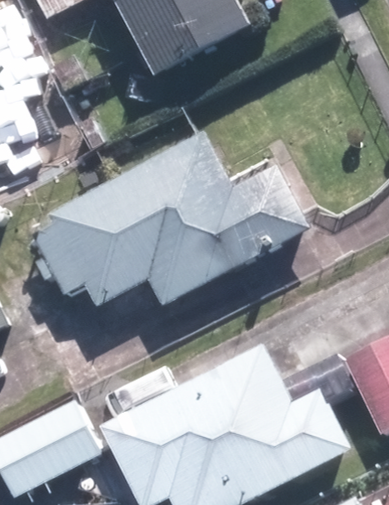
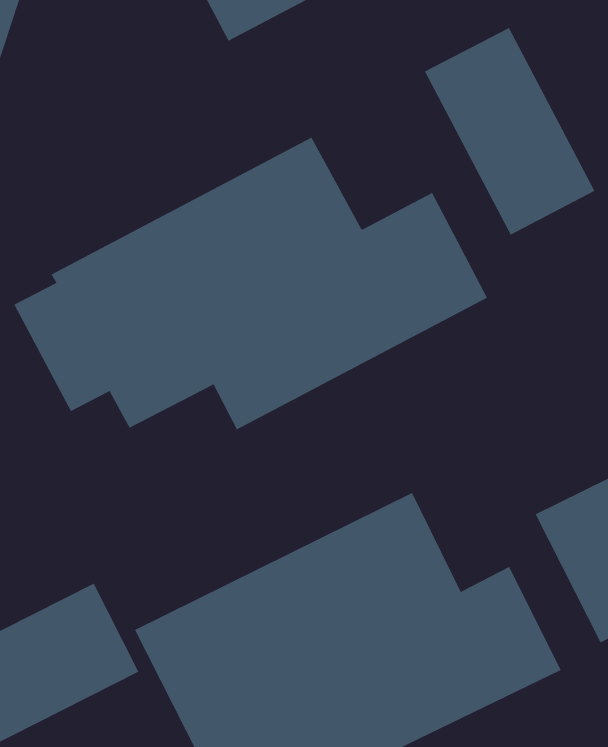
building: none -> [424,27,595,235]

